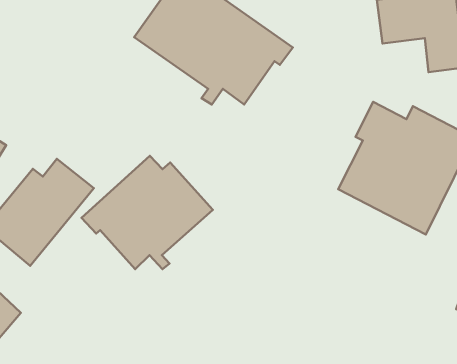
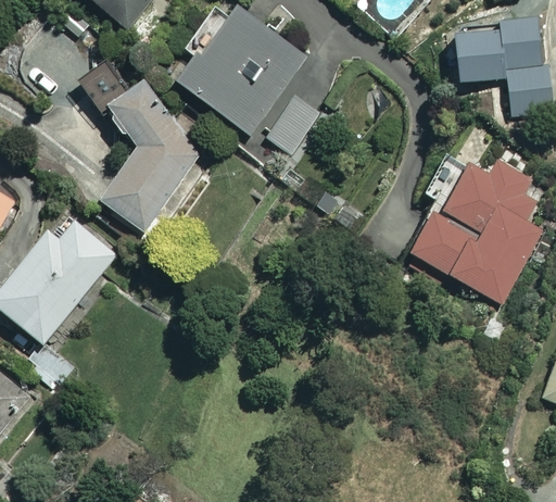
building: none -> [74,51,213,233]
building: [81,156,213,269] -> none

